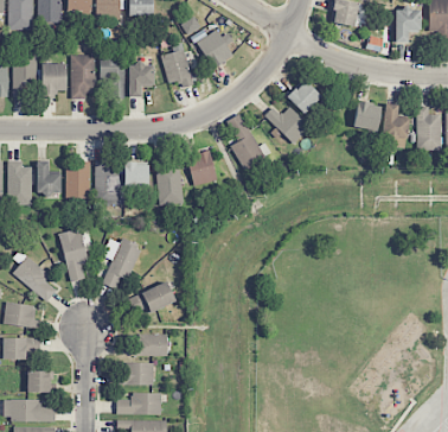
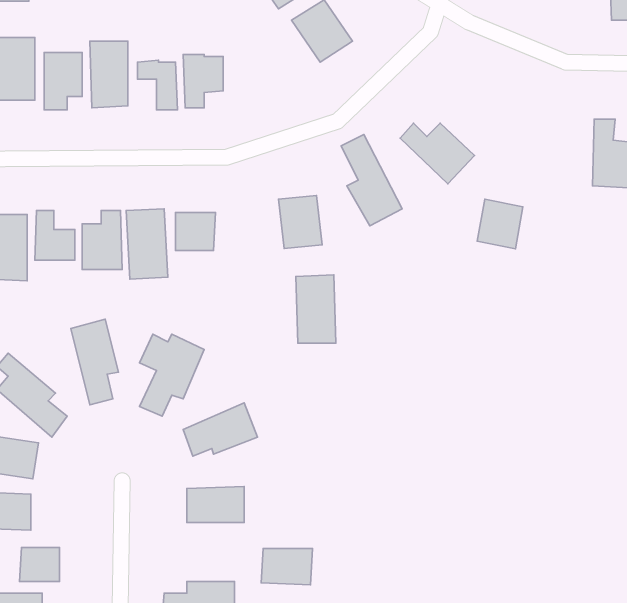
building: [162,43,193,88] -> none
building: [287,80,322,115] -> none
building: [353,101,382,132] -> [477,199,523,249]
building: [158,161,183,204] -> [296,275,336,343]
building: [122,363,154,386] -> [261,549,312,585]

